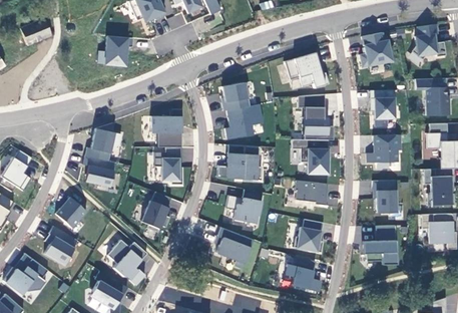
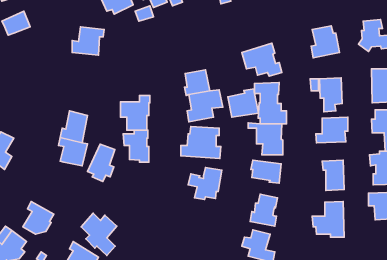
building: none -> [228,89,258,117]
building: [141,192,171,233] -> [87,144,115,182]
building: [55,196,87,228] -> none
building: [214,226,253,268] -> none

